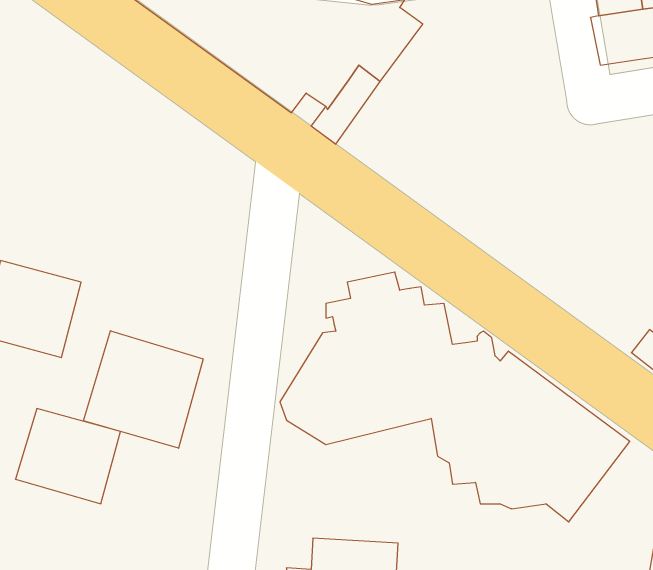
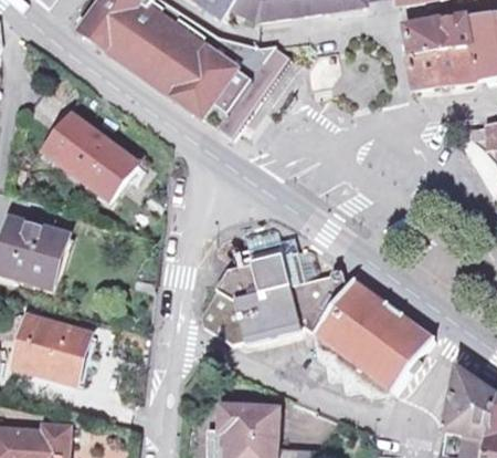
building: none -> [45,115,135,196]
building: [83,331,203,448] -> none

